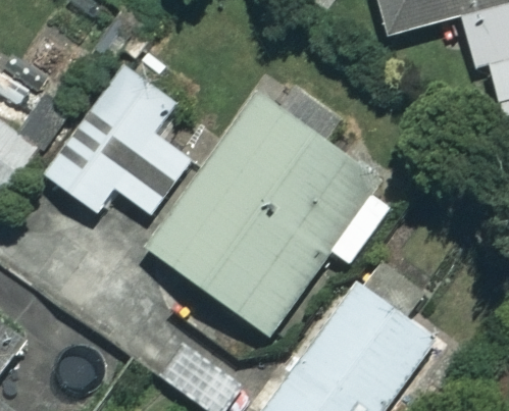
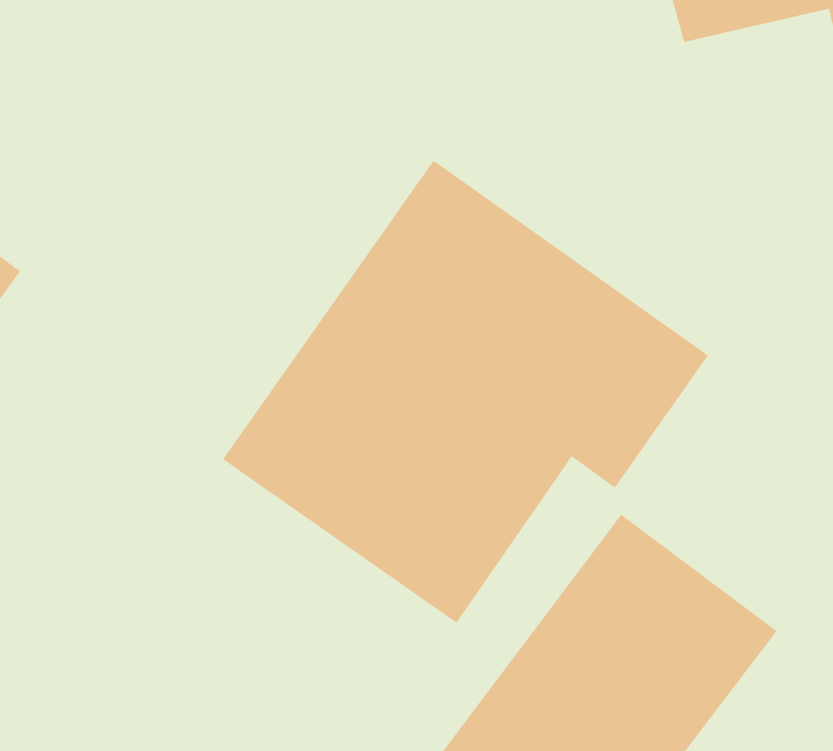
building: [42,63,193,215] -> none

